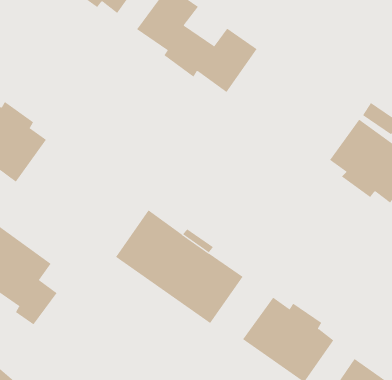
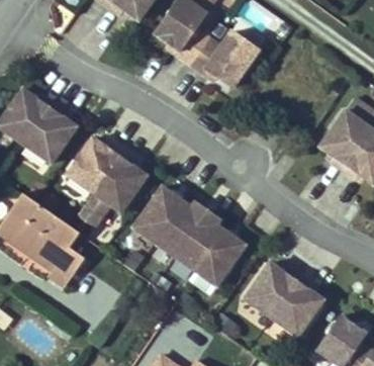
building: none -> [68,139,147,224]

